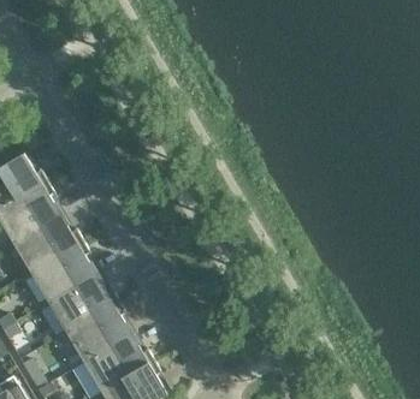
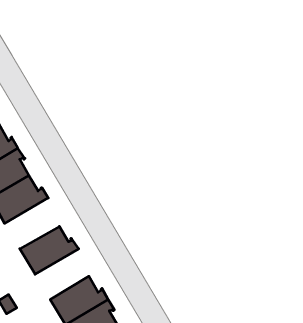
building: [30,240,95,300] -> none
building: [66,300,130,361] -> none

